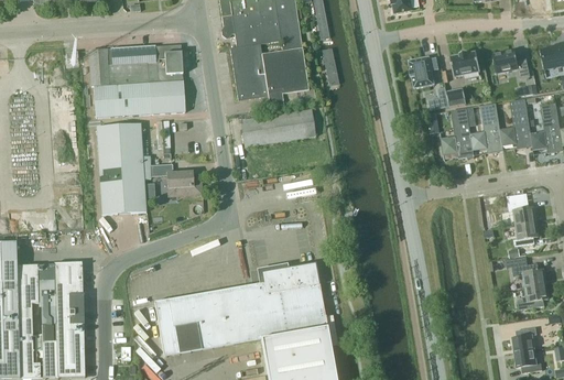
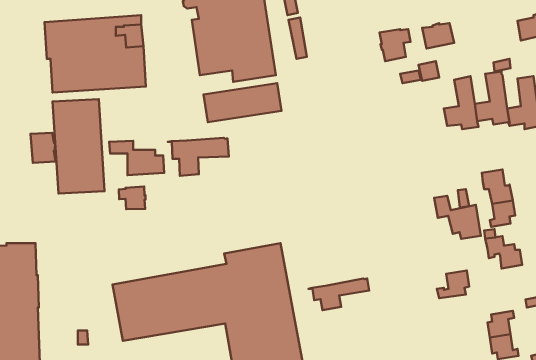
building: [492,48,530,77] -> none
building: [441,107,474,156] -> none
building: none -> [31,133,56,163]
building: none -> [168,138,229,176]
building: none -> [119,187,146,209]
building: none -> [434,196,481,239]
building: [517,282,547,308] -> [437,270,469,298]
building: none -> [308,278,369,310]

